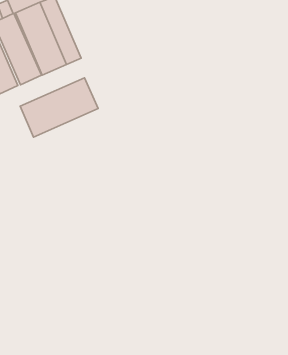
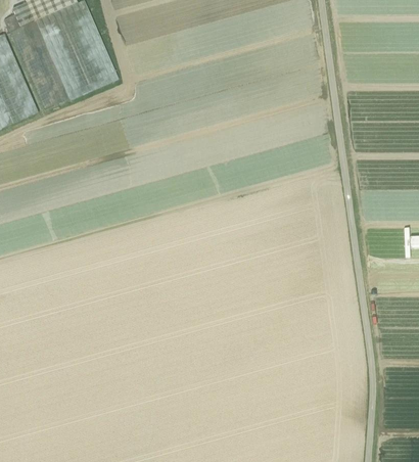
building: [20,78,98,137] -> none

